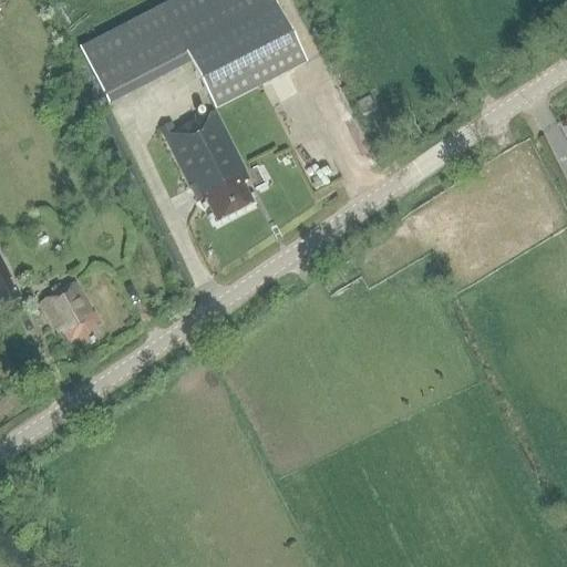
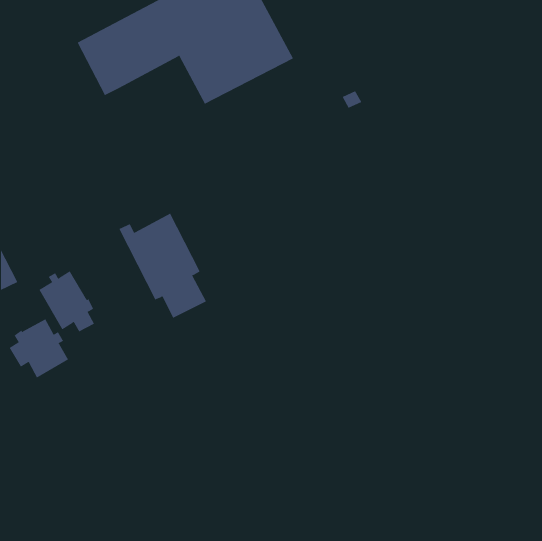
building: [161,109,252,218] -> [118,213,207,318]
building: none -> [9,318,69,378]

